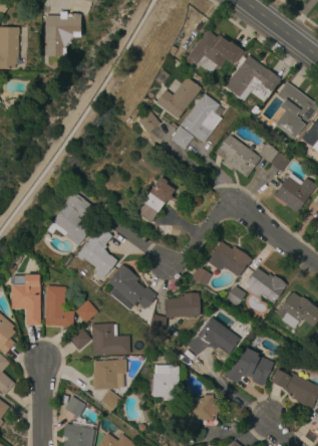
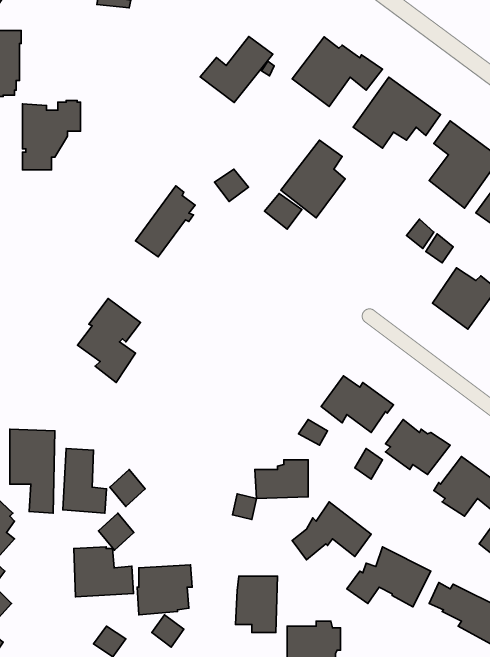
building: [45,13,81,56] -> [22,101,81,170]
building: [156,77,202,119] -> [200,36,273,103]
building: [214,134,260,176] -> none
building: [136,178,174,222] -> [136,186,195,257]
building: [76,226,117,279] -> none
building: [107,264,155,309] -> none
building: [91,323,128,355] -> [74,547,133,597]

